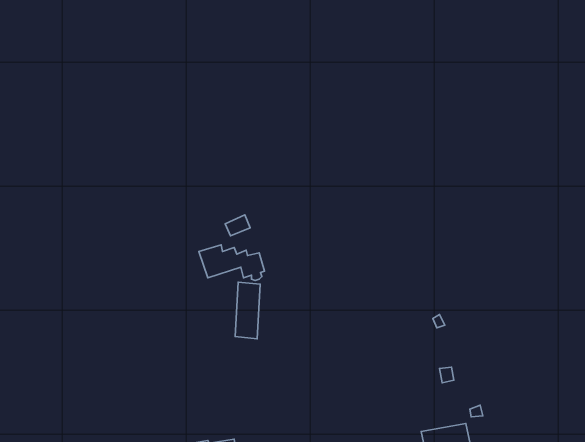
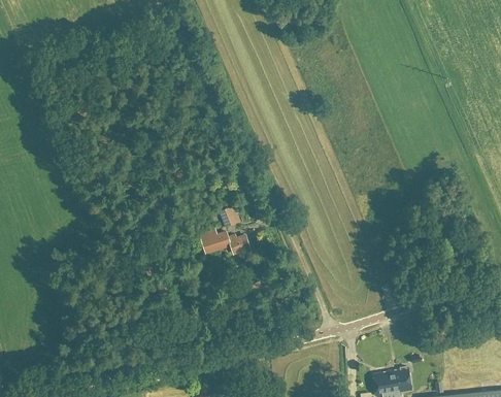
building: [235,282,260,339] -> none

